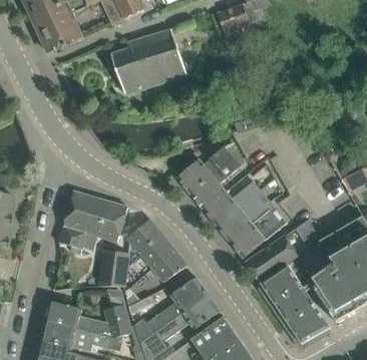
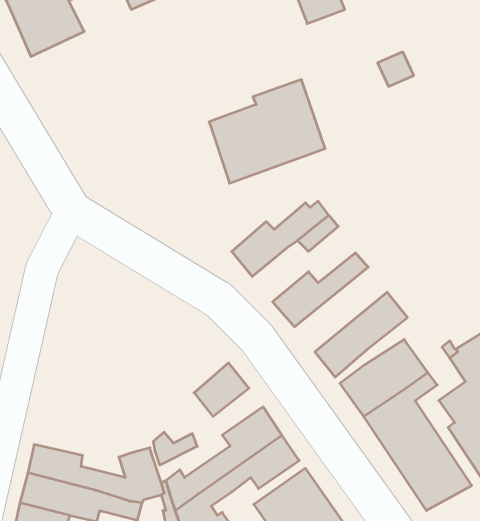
building: [111,28,186,94] -> [209,80,325,183]
building: [190,175,226,211] -> none
building: [217,189,276,243] -> none
building: [58,192,127,254] -> none
building: [127,220,174,269] -> none
building: [99,250,129,287] -> none

